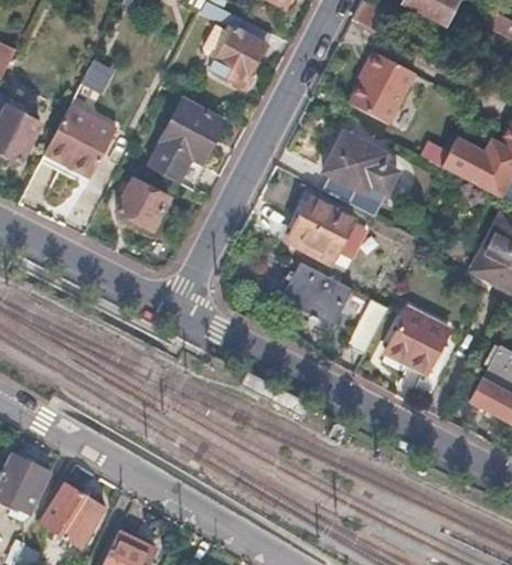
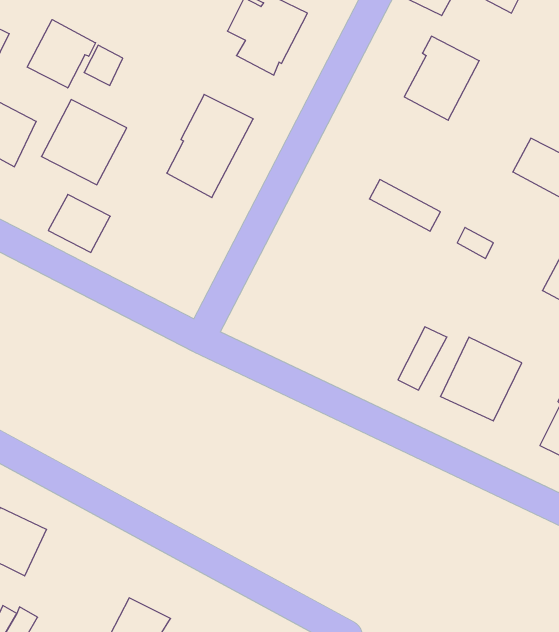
building: none -> [27,20,96,88]
building: [329,132,402,202] -> none
building: [117,179,170,228] -> [48,194,110,252]
building: [290,194,353,262] -> none
building: [281,258,352,322] -> none
building: [39,484,103,547] -> none

